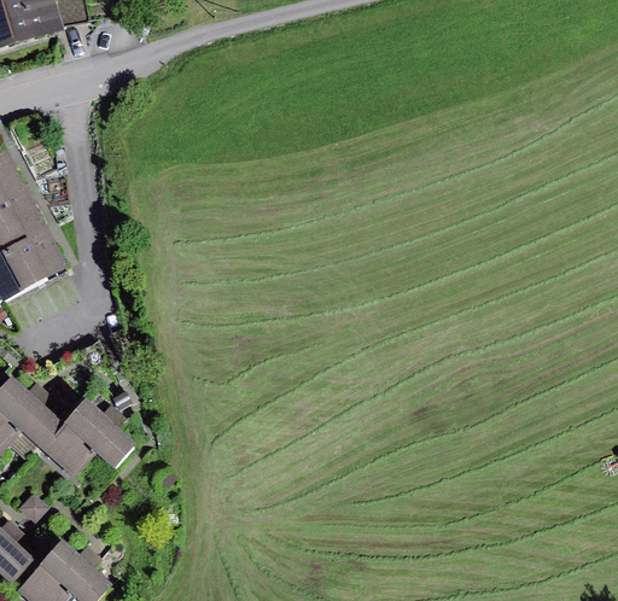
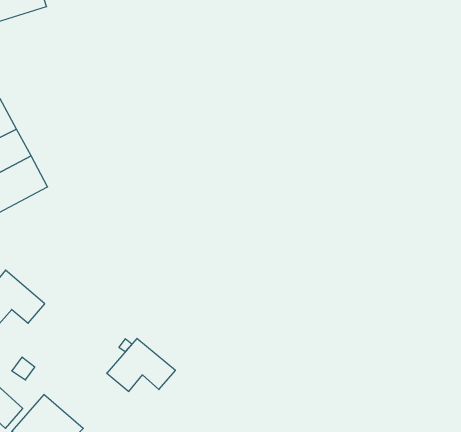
building: [46,403,136,473] -> [107,338,175,391]

